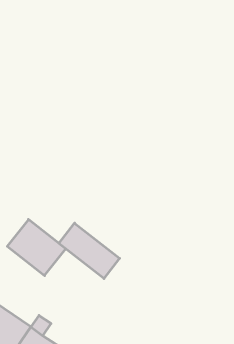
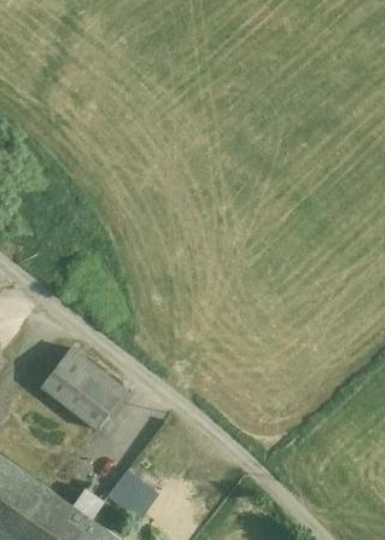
building: [59,223,120,279] -> none
building: none -> [107,469,158,518]

